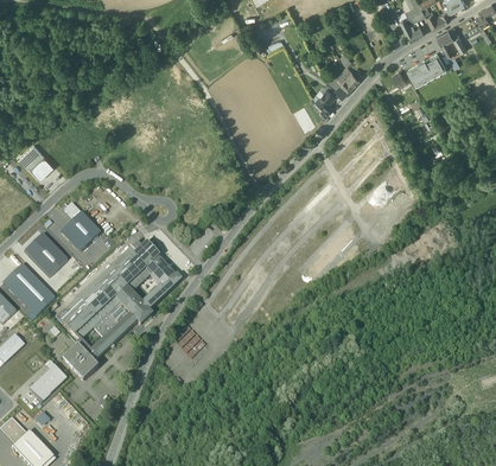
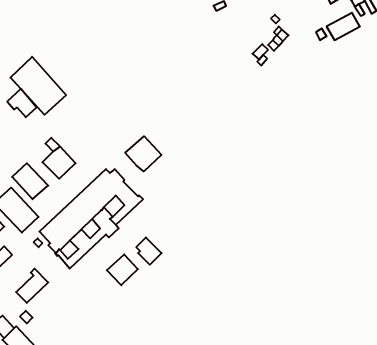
building: none -> [10,57,66,115]
building: none -> [125,136,161,171]
building: none -> [107,254,138,285]
building: [64,345,98,381] -> none

